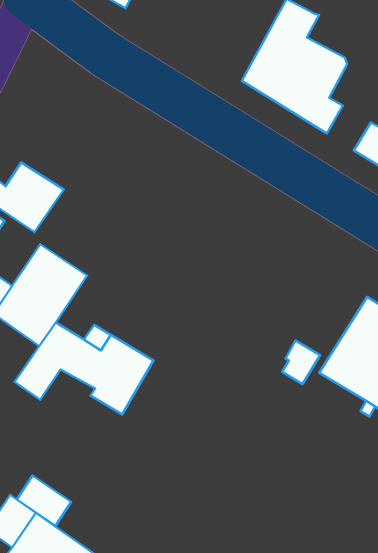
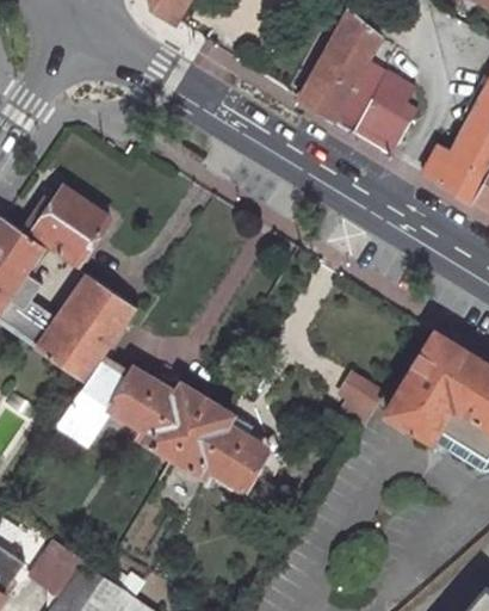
building: none -> [172,397,262,488]
building: [17,476,71,526] -> none

